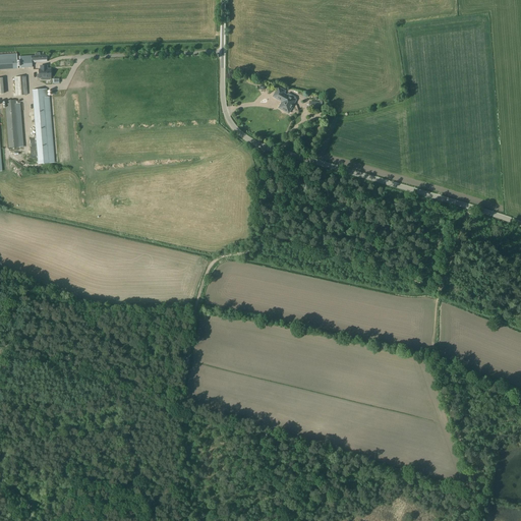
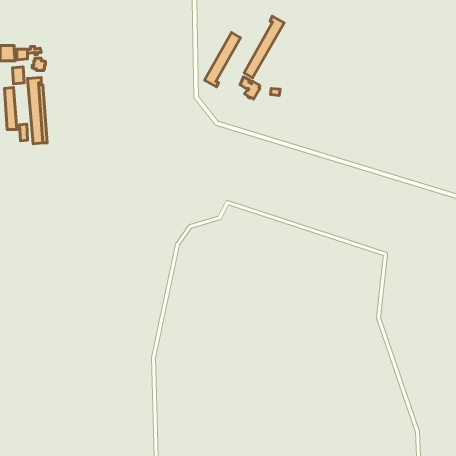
building: none -> [244,16,284,78]
building: none -> [205,33,240,87]

